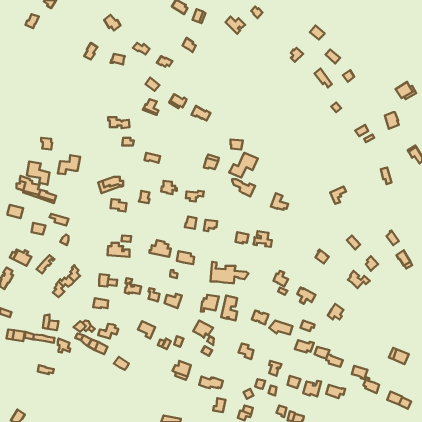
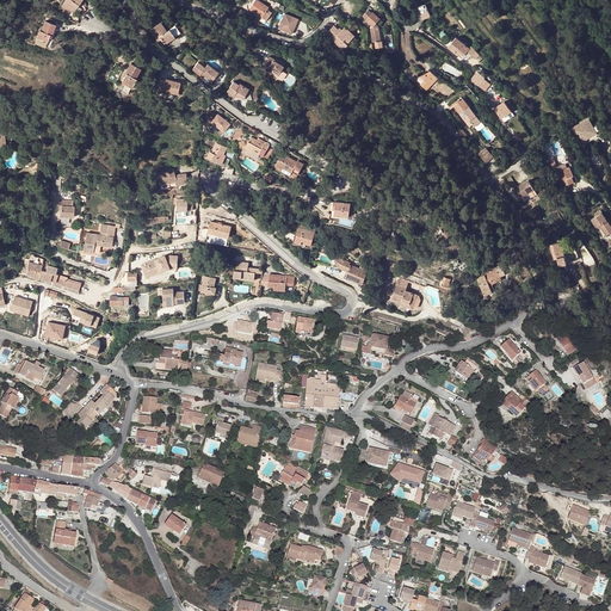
building: [229,153,258,177] -> none
building: [27,161,49,185] -> none

